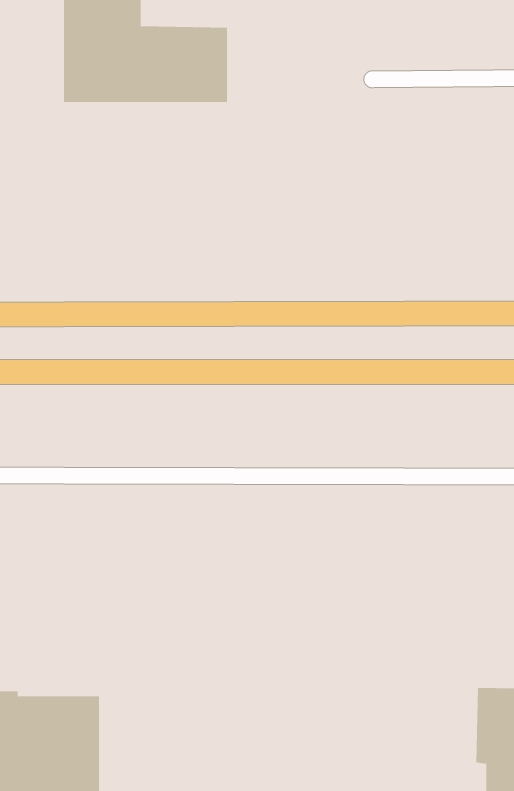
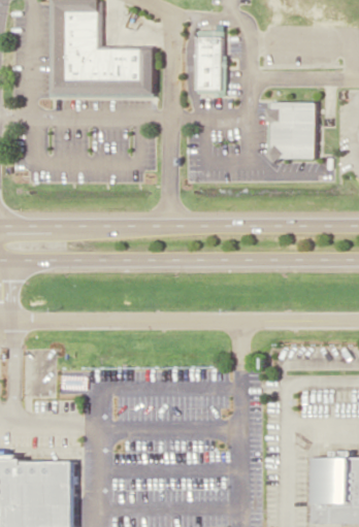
building: none -> [197,35,221,89]
building: none -> [271,106,320,167]

